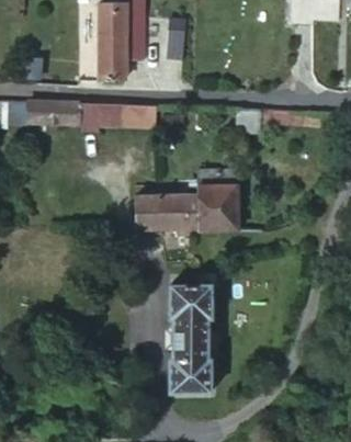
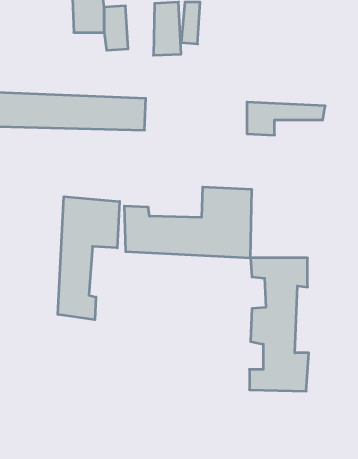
building: [90,43,118,78] -> none
building: none -> [58,197,120,320]
building: [169,285,220,400] -> [249,258,309,391]

